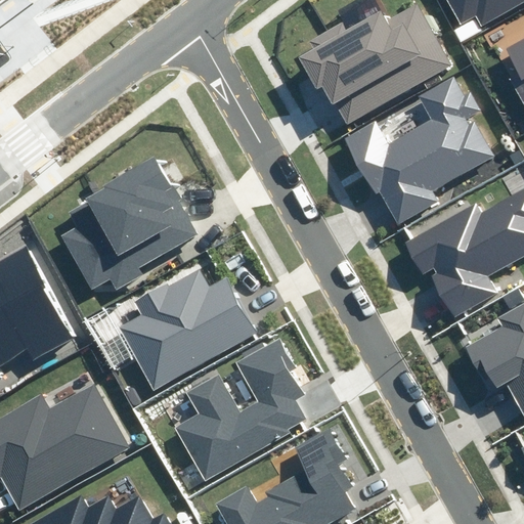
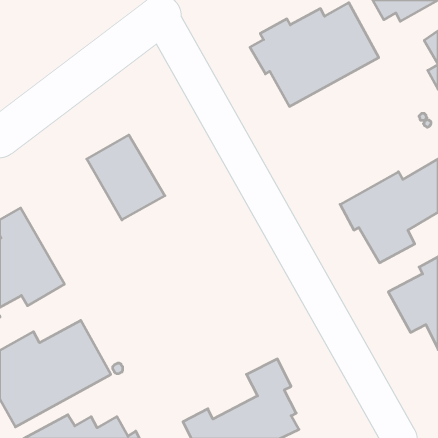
building: [346,79,496,224] -> none
building: [61,190,145,292] -> none
building: [119,272,256,389] -> none
building: [176,338,308,479] -> none

